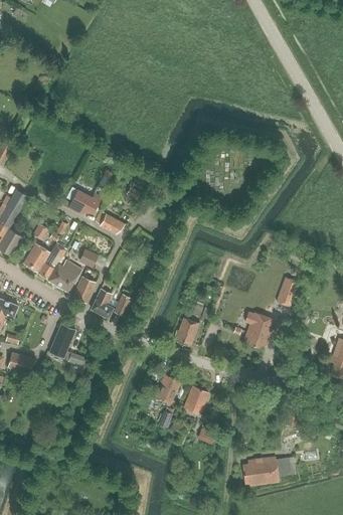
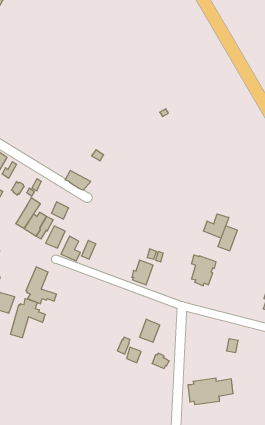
building: [66,187,103,213] -> none
building: [24,244,50,274] -> none
building: none -> [204,214,229,238]
building: none -> [11,299,45,338]
building: [156,374,182,406] -> none

